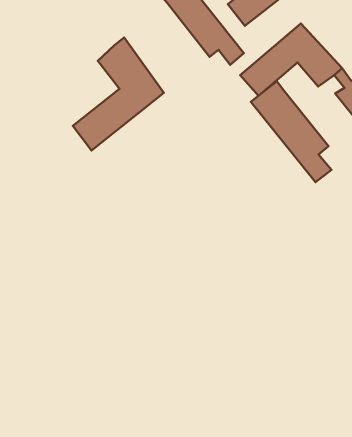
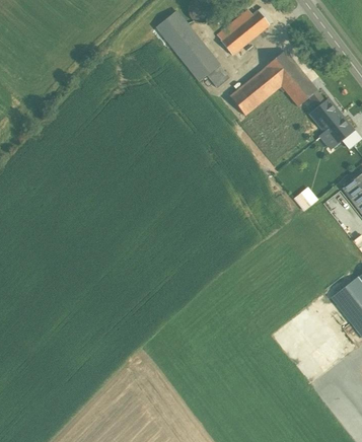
building: [73,38,164,150] -> none
building: [251,81,331,182] -> none

